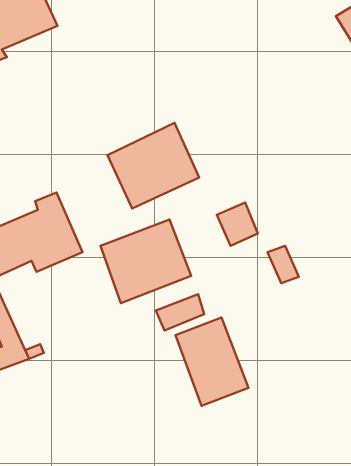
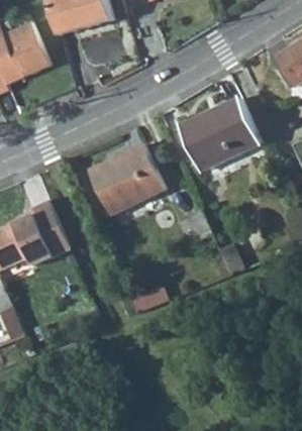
building: none -> [178,96,260,171]
building: [100,220,191,303] -> none
building: [176,318,248,406] -> none

